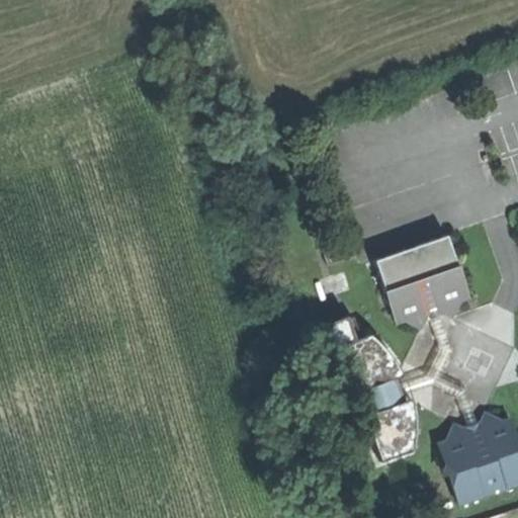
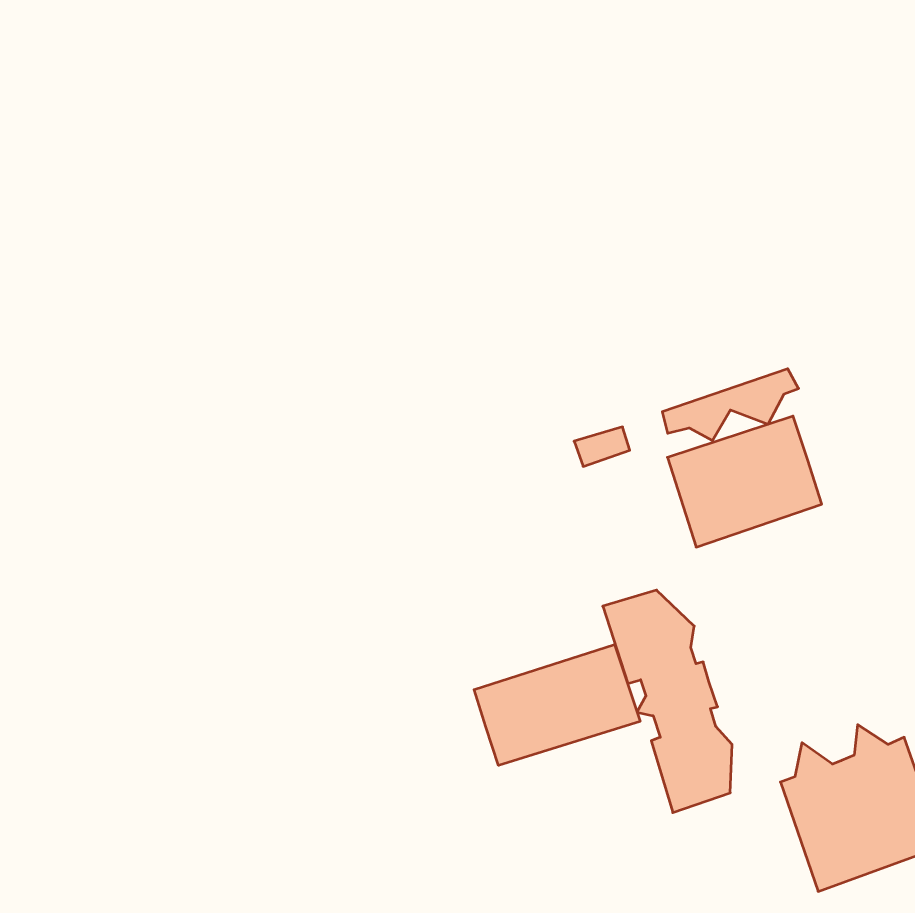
building: [394,286,470,327] -> [662,369,799,440]
building: none -> [474,644,640,765]

